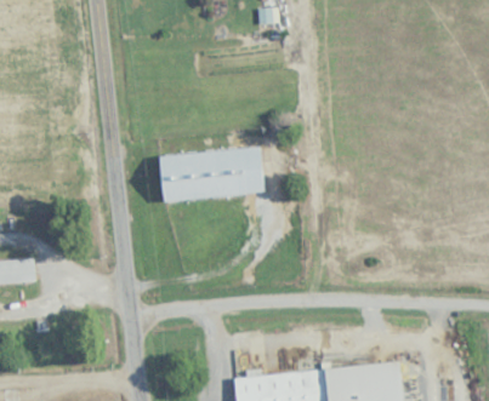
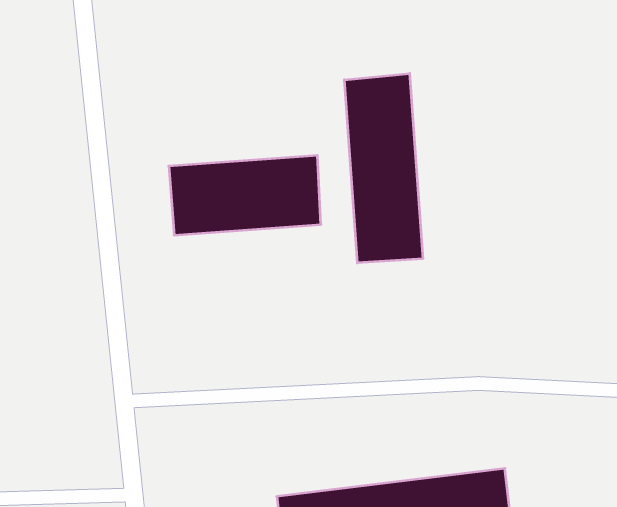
building: none -> [344,73,423,263]

